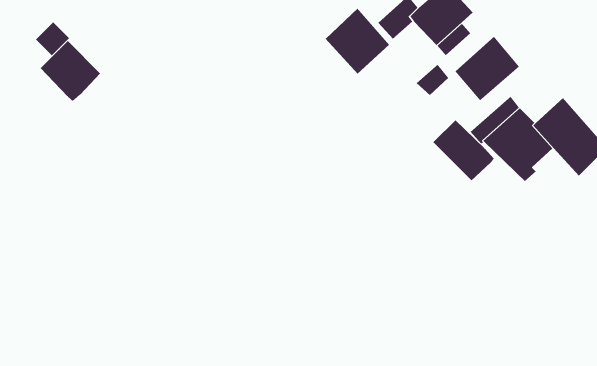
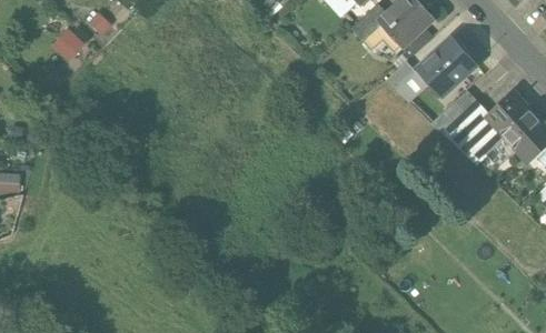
building: [325,8,390,74] -> none
building: [40,40,101,102] -> none
building: [432,120,495,181] -> none

